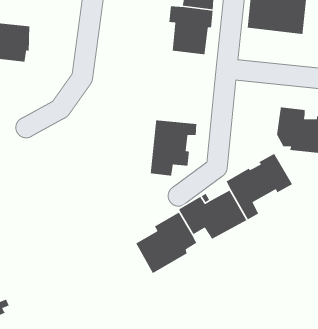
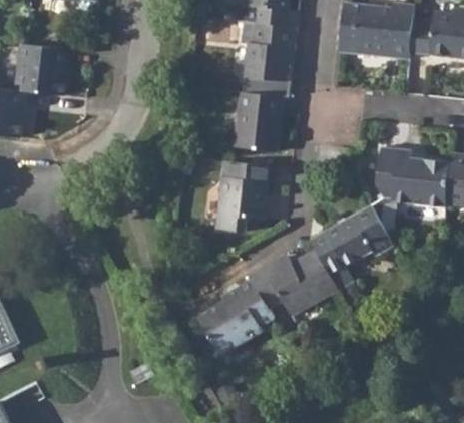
building: none -> [233,93,283,153]

